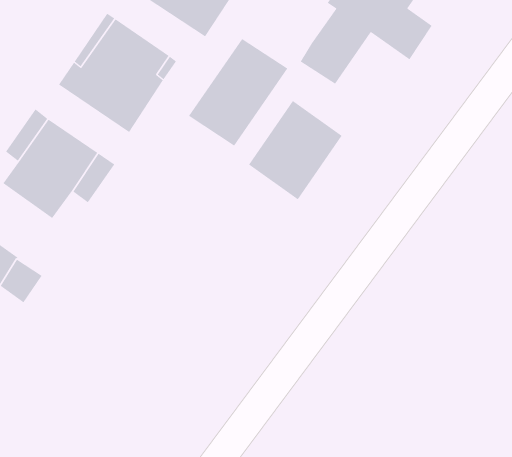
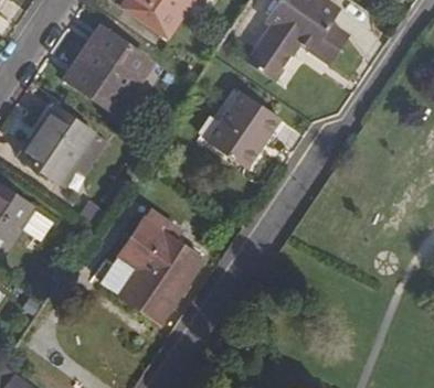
building: [188,38,288,147] -> none
building: none -> [99,219,204,323]

